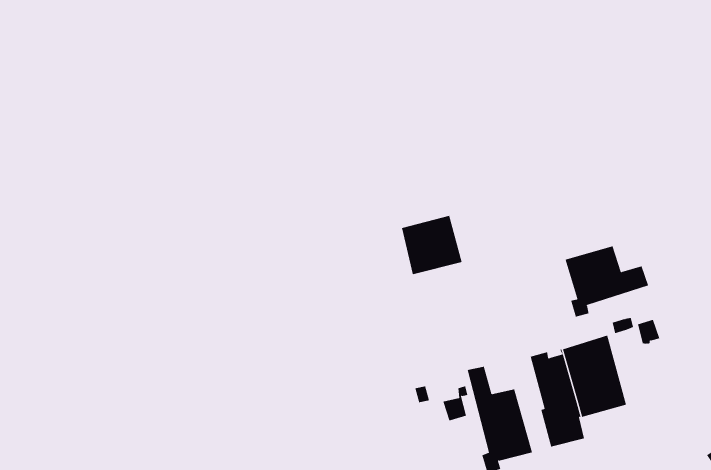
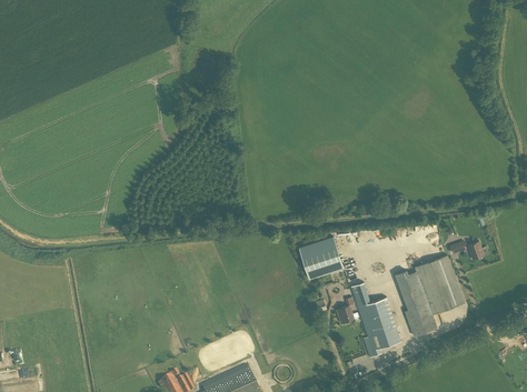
building: [401,215,463,275] -> [299,237,344,280]
building: [565,246,649,317] -> none

